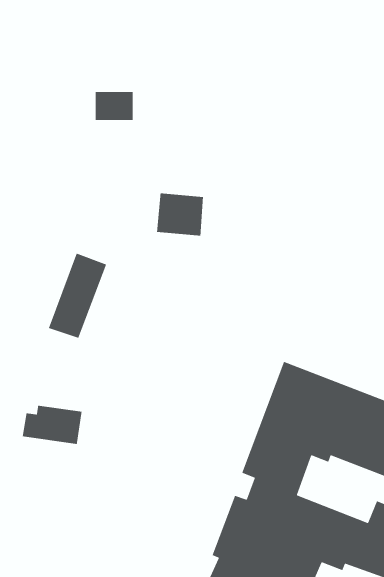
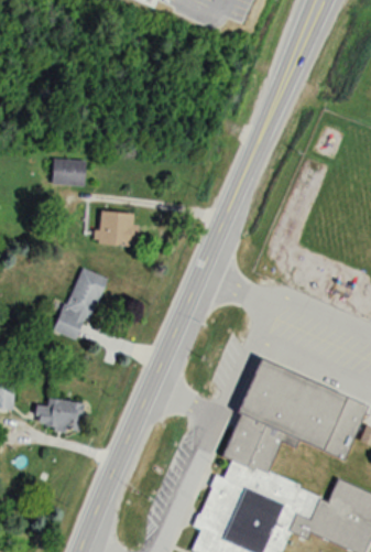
building: [95,91,133,121] -> [52,160,85,185]
building: [156,193,204,236] -> [95,210,135,248]

